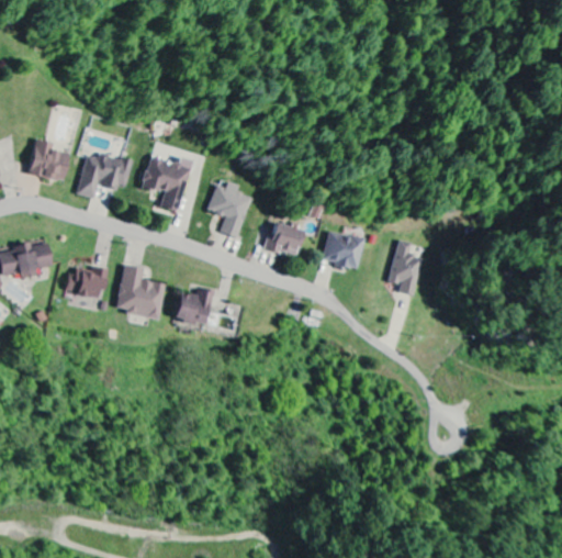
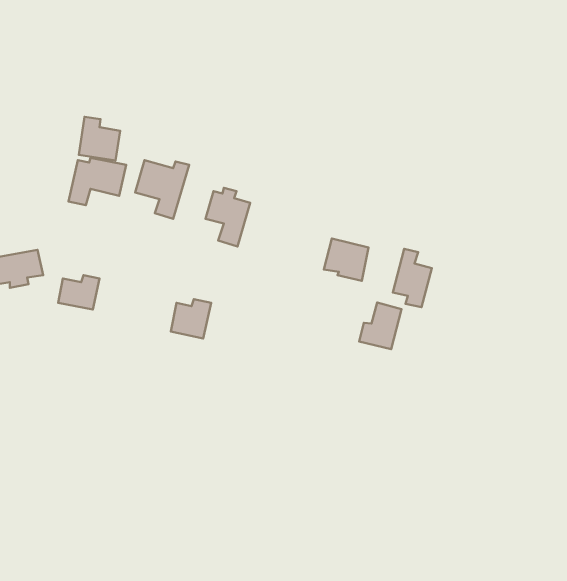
building: [30,138,69,180] -> [79,117,120,161]
building: [266,220,303,256] -> none
building: [114,265,165,319] -> none
building: none -> [359,302,402,349]

